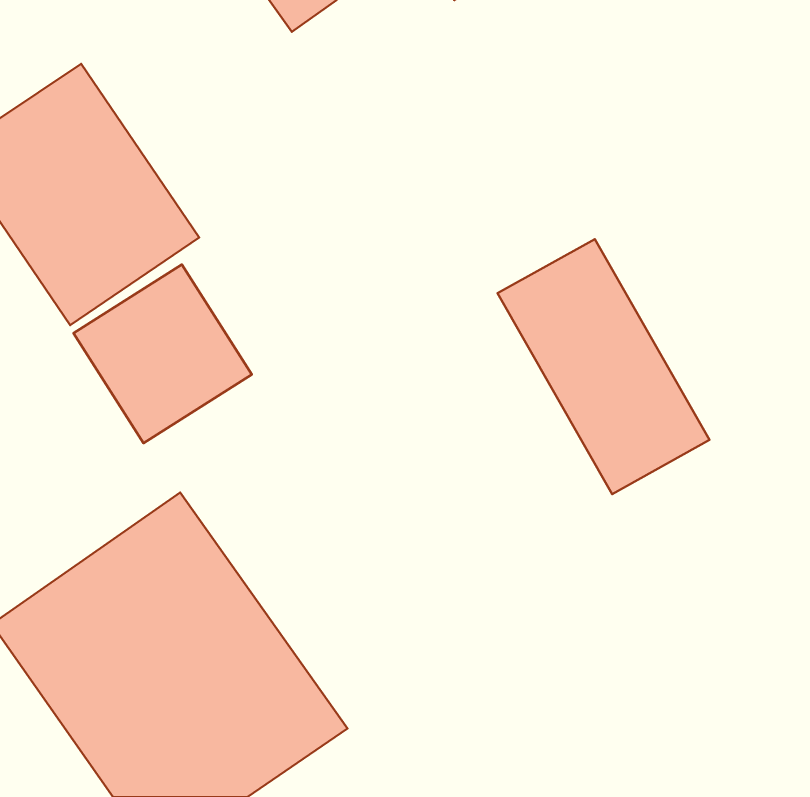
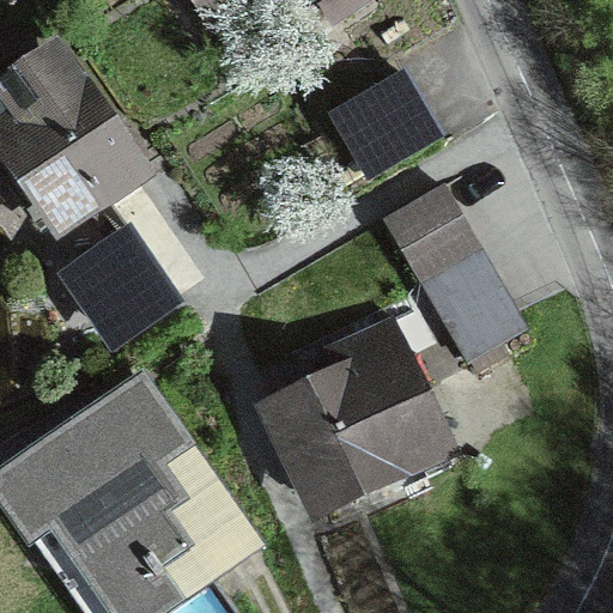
building: none -> [345,62,437,157]
building: none -> [257,306,462,530]

